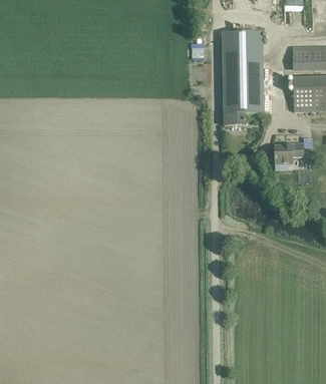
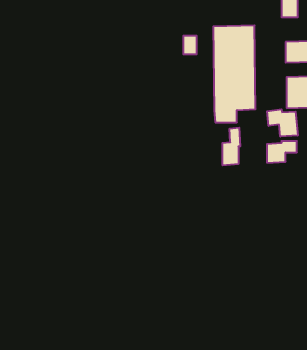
building: none -> [267,109,298,137]
building: none -> [222,128,240,165]

